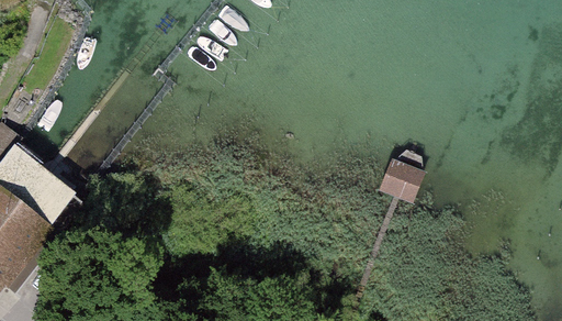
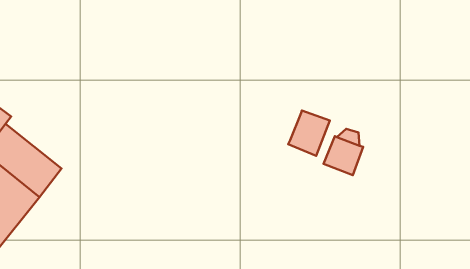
building: none -> [288,110,330,156]

